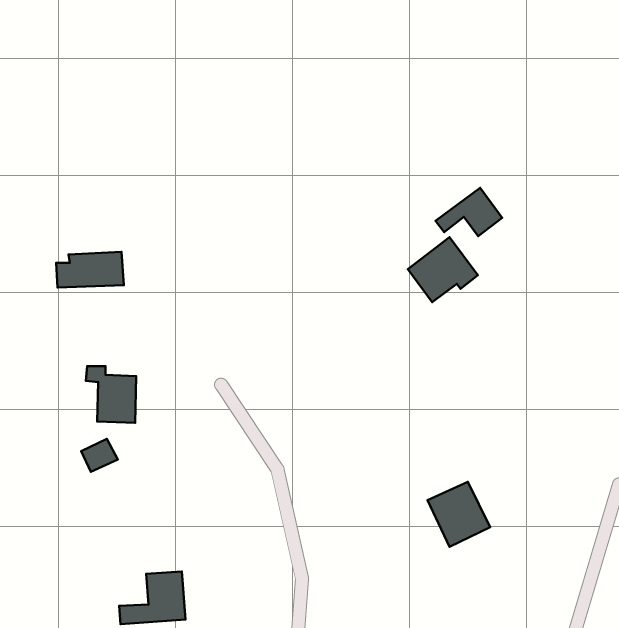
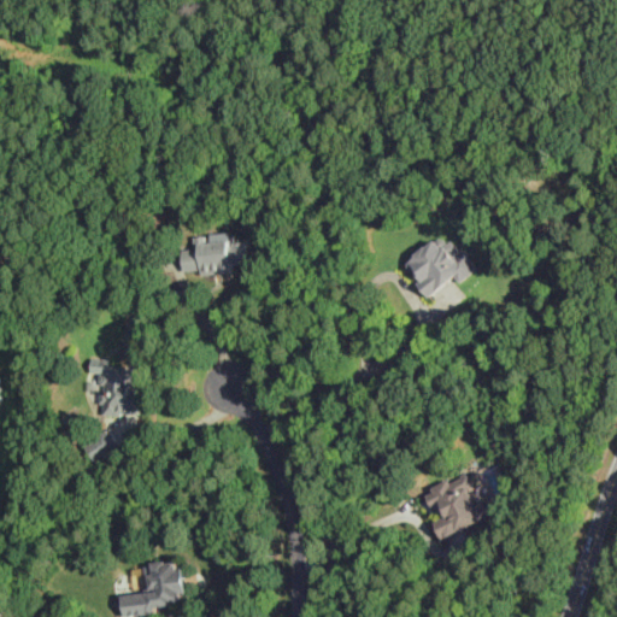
building: [436,188,502,236] -> none
building: [56,252,124,288] -> [176,239,242,274]

